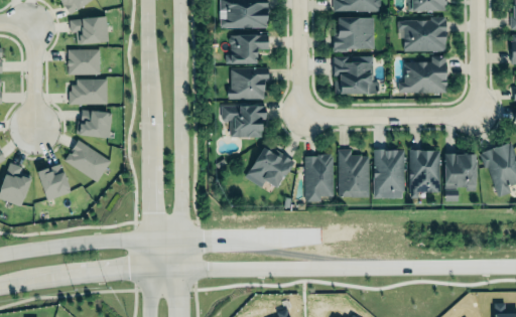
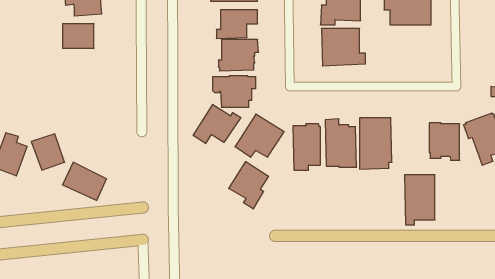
building: [398,57,446,95] -> none
building: [69,78,107,104] -> none
building: [78,111,112,139] -> none
building: none -> [193,104,241,144]
building: [64,142,110,181] -> [62,162,107,200]
building: [409,147,440,198] -> [405,175,435,225]
building: none -> [229,162,268,209]

